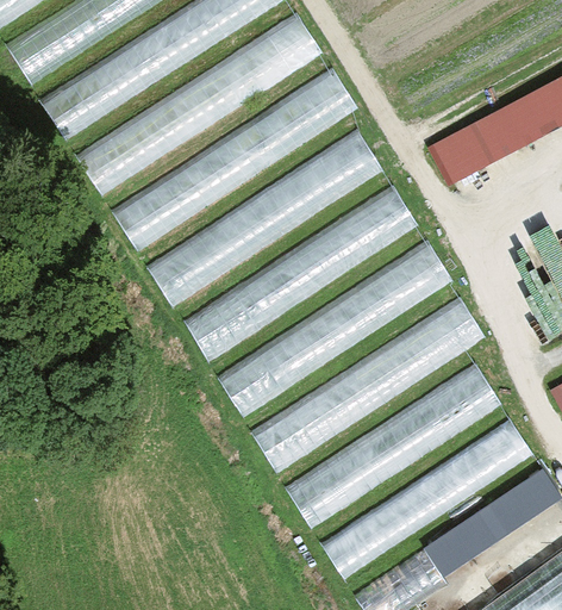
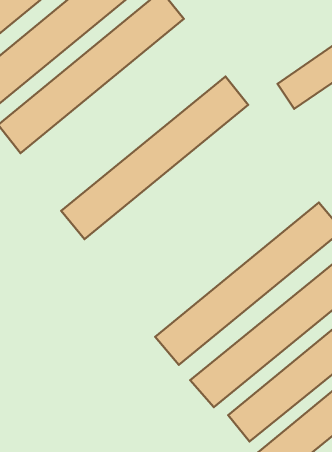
building: [111,69,357,249] -> none
building: [175,187,420,367] -> none
building: [211,241,457,421] -> none

